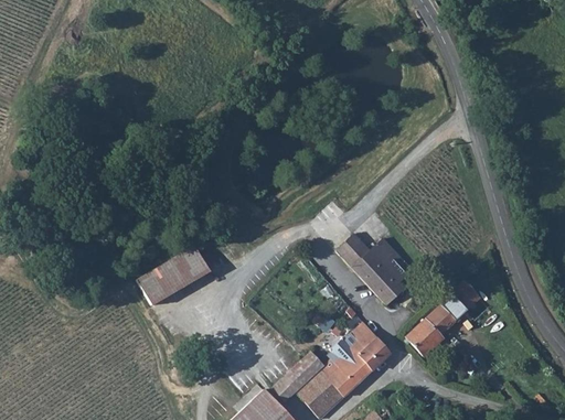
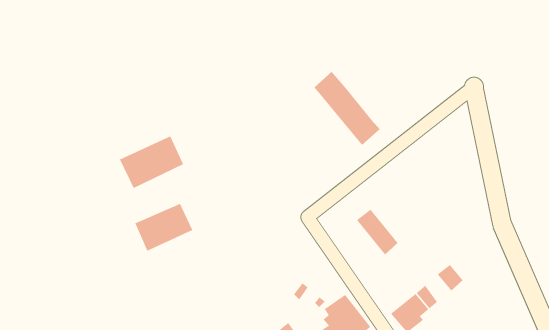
building: none -> [119,135,184,189]
building: [335,234,404,304] -> [313,71,380,146]
building: [137,270,167,304] -> none

